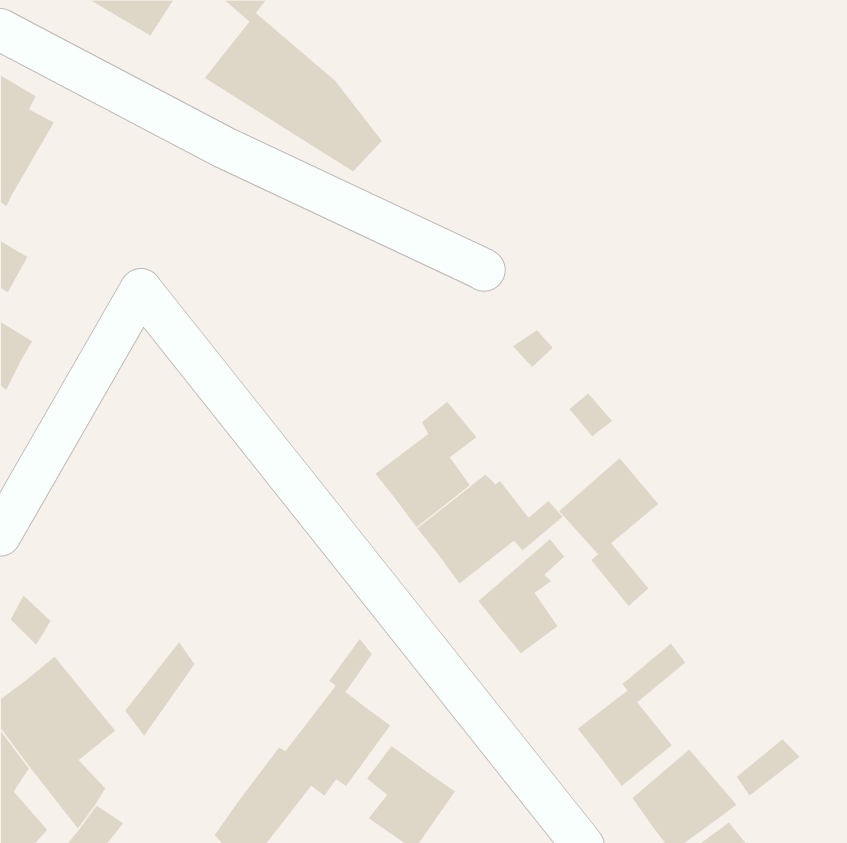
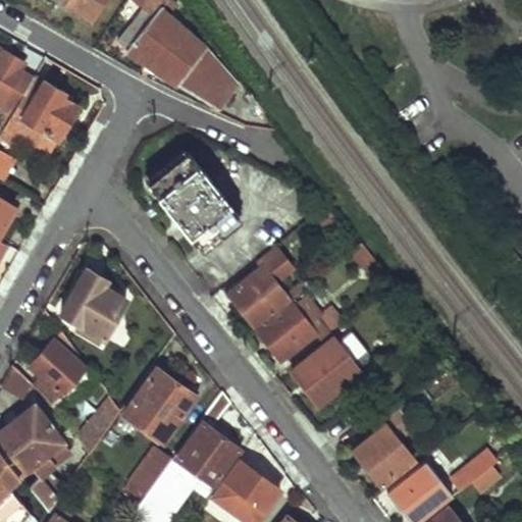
building: none -> [7,77,72,145]
building: none -> [141,157,231,250]
building: none -> [60,267,124,337]
building: [558,457,659,607] -> none
building: none -> [30,311,94,403]
building: none -> [125,372,194,441]
building: none -> [123,443,171,495]

